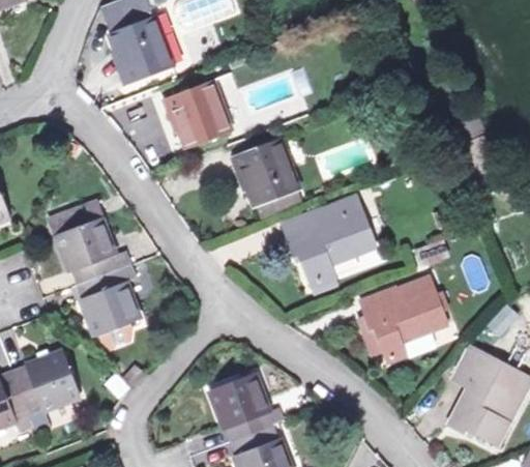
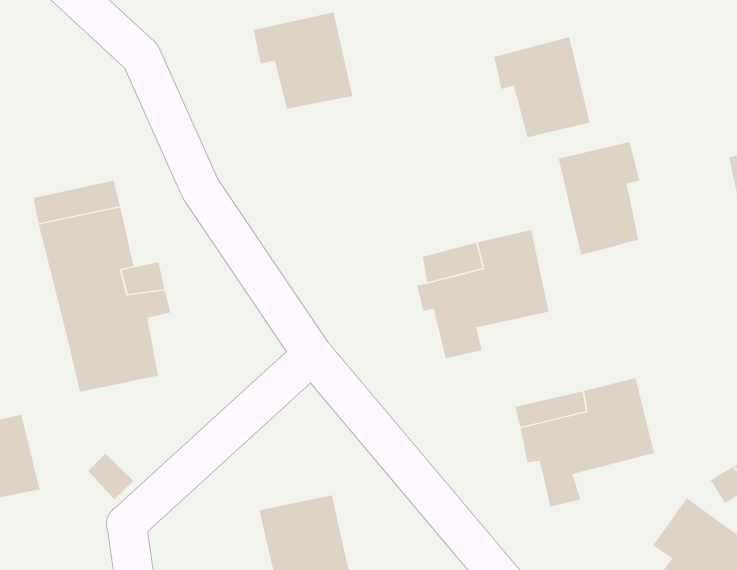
building: none -> [558,141,640,256]
building: [233,139,297,204] -> [493,36,590,138]

